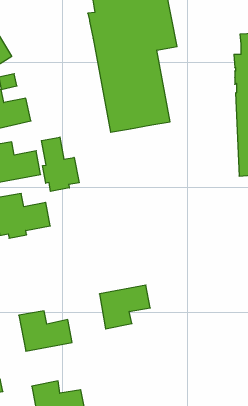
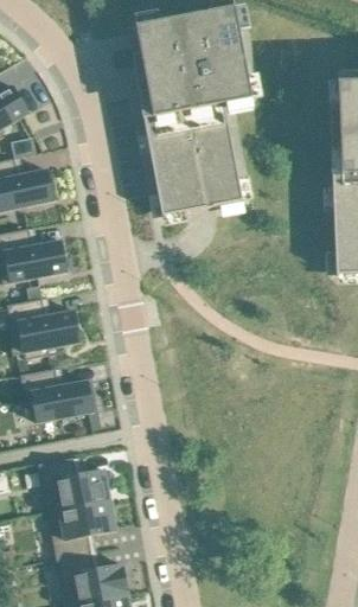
building: [41,137,79,191] -> none
building: none -> [20,368,94,422]
building: [99,285,150,329] -> [47,499,116,558]

